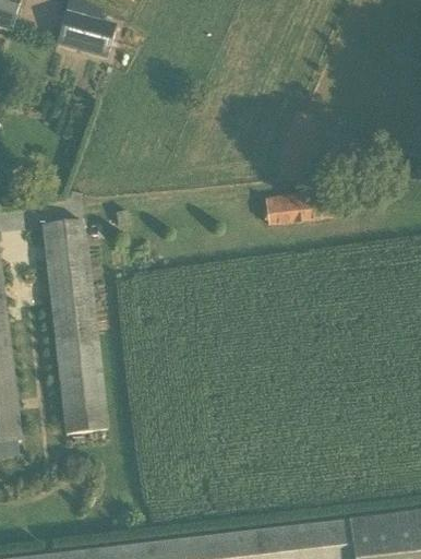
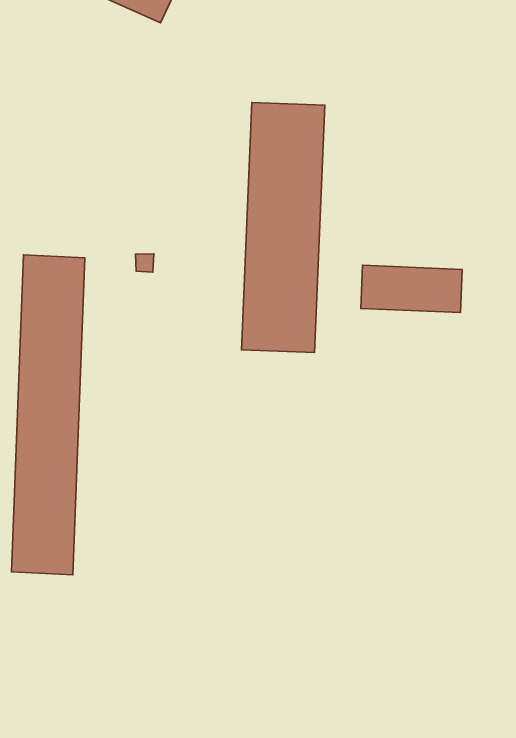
building: none -> [241,103,325,352]

